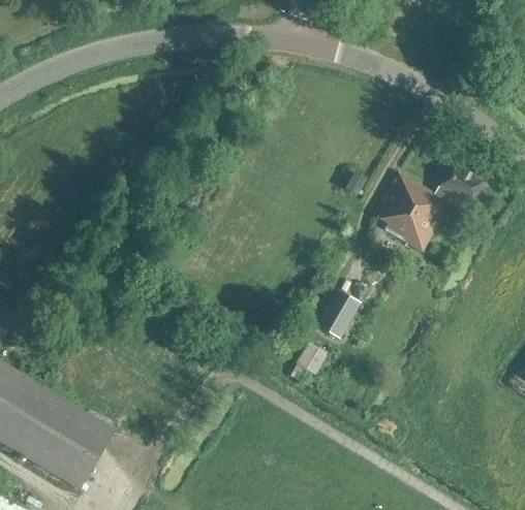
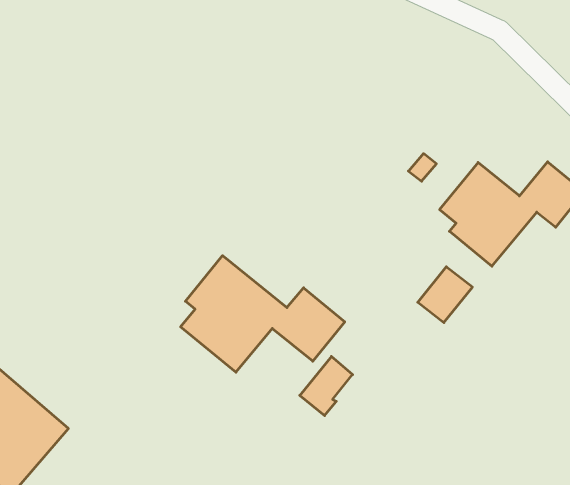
building: none -> [181,256,345,372]
building: [318,291,359,334] -> [418,267,472,323]

